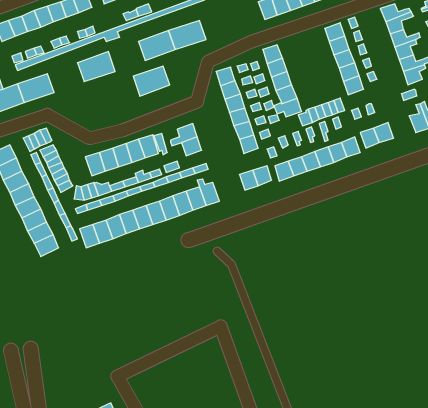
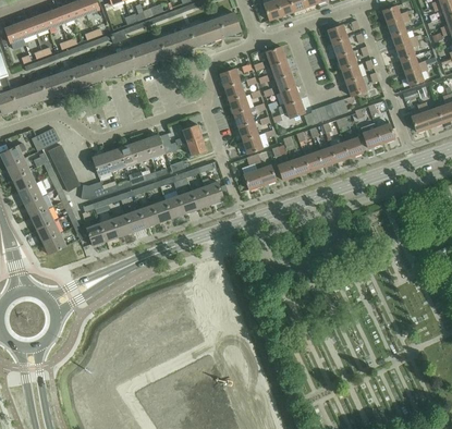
building: none -> [205,11,241,40]
building: none -> [56,63,91,93]
building: [133,66,170,96] -> [115,42,151,72]

